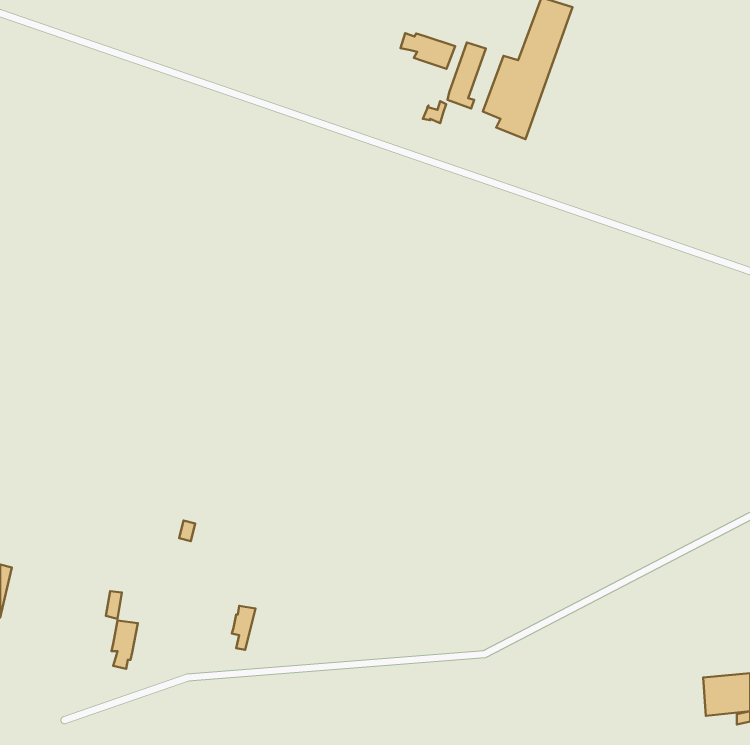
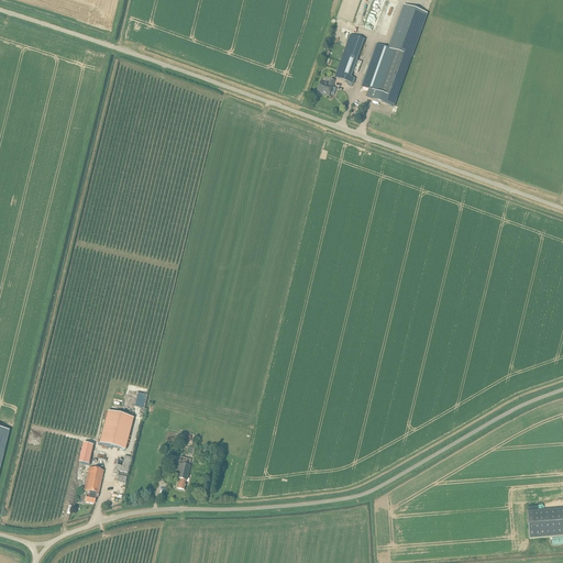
building: [401,33,455,69] -> none
building: none -> [99,409,133,448]

